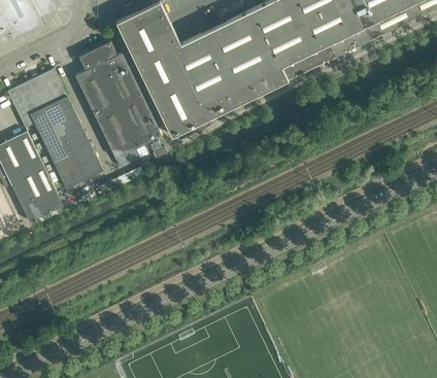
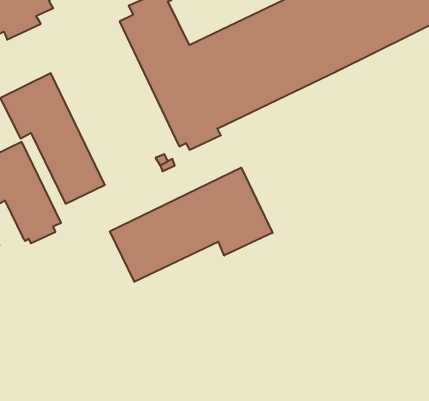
building: [74,40,161,167] -> none
building: none -> [110,168,273,282]

